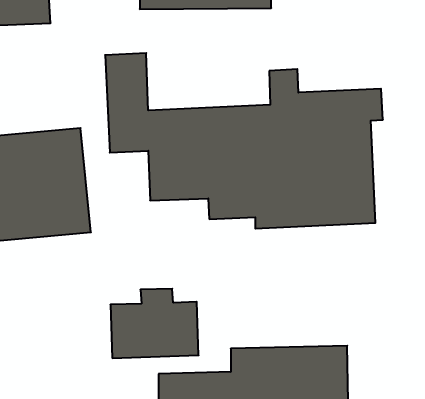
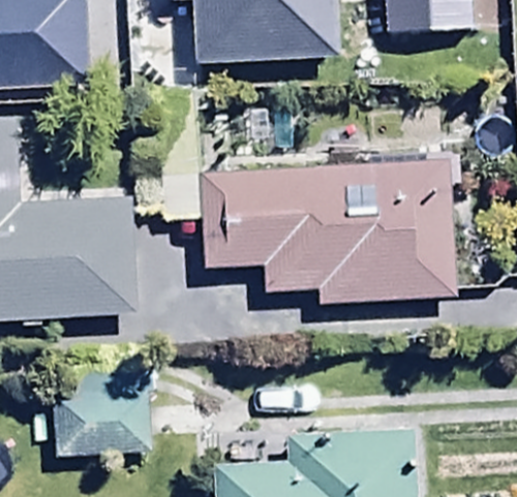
building: [110,289,199,358] -> [53,379,150,456]

